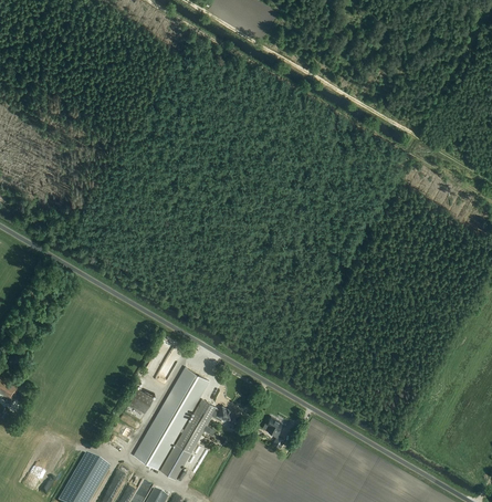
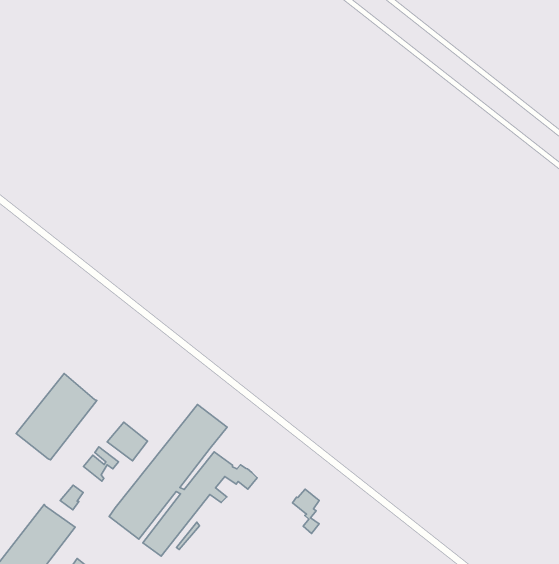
building: none -> [16,373,97,460]

